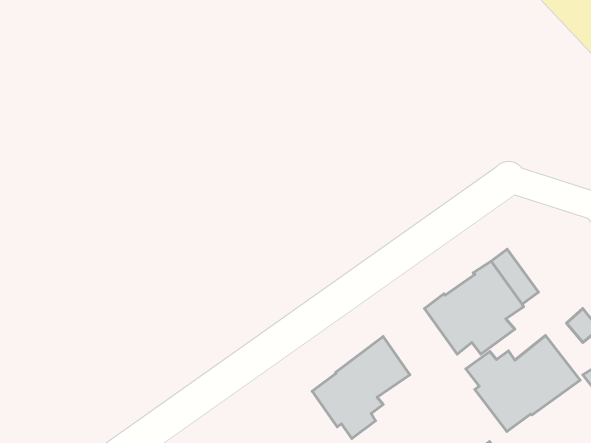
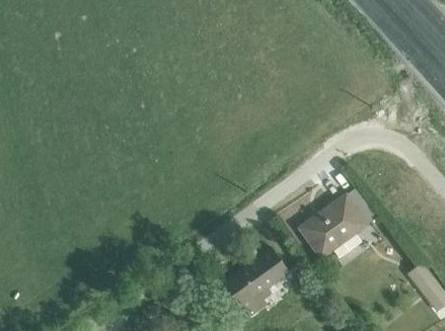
building: [466,335,580,431] -> none

